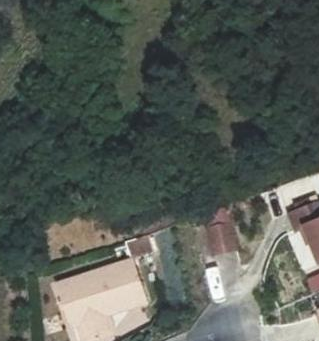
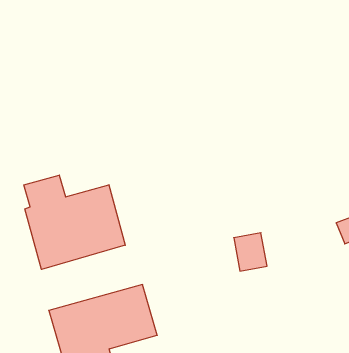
building: none -> [24,175,125,269]

